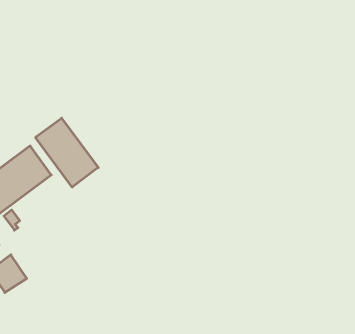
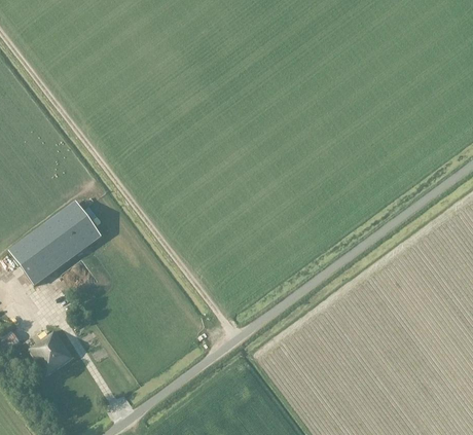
building: [36,118,98,187] -> none

